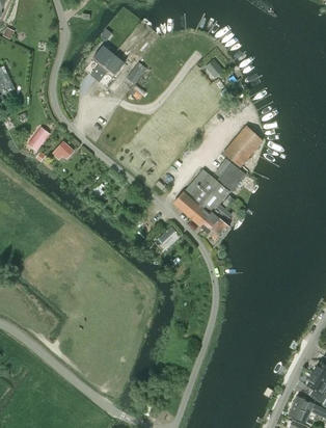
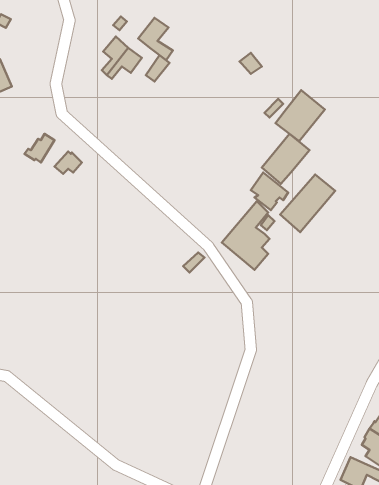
building: none -> [138,18,173,60]
building: none -> [276,90,325,141]
building: [173,169,219,217] -> [280,175,335,232]

